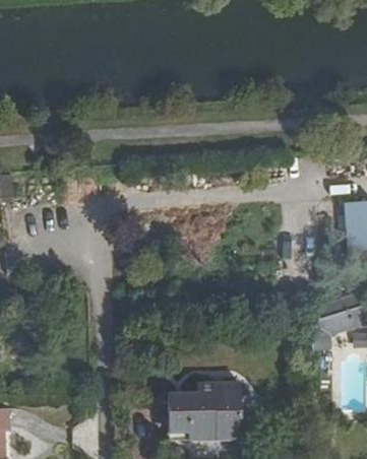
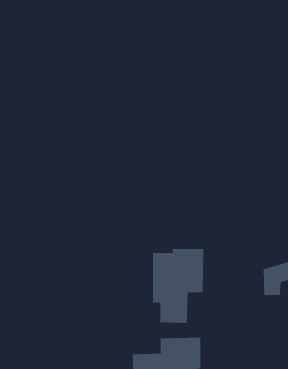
building: none -> [152,248,204,324]

